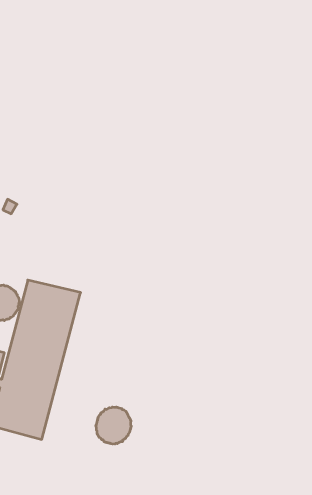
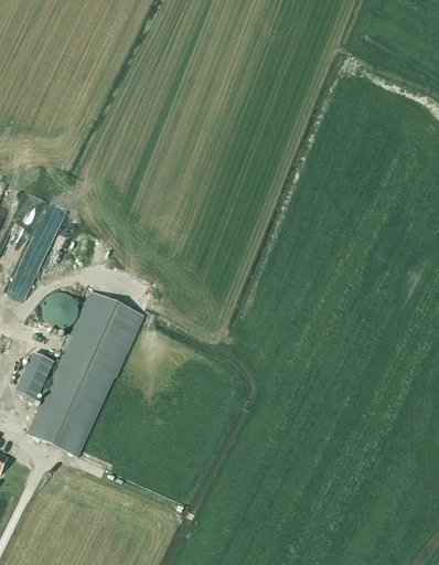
building: [96,407,131,444] -> none

